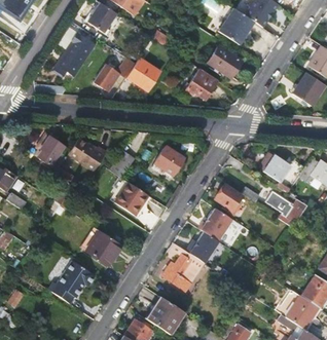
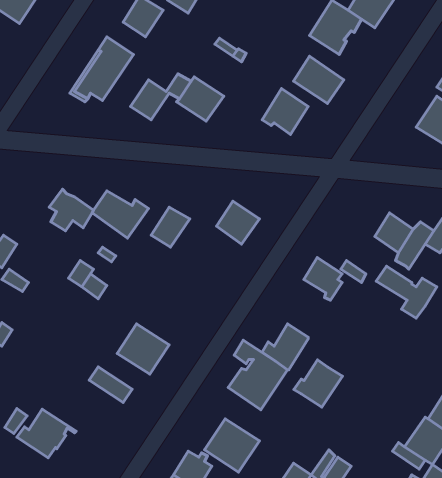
building: [115,182,148,216] -> none
building: [198,207,232,240] -> [294,360,342,407]
building: [48,270,89,304] -> [17,409,76,458]

